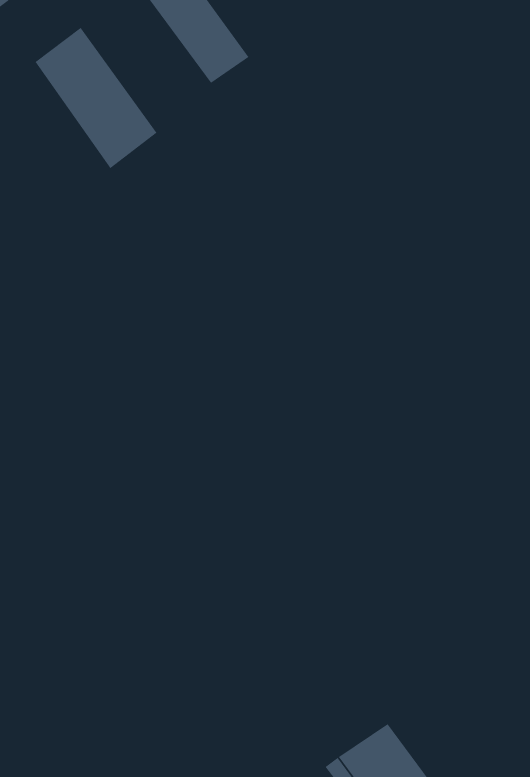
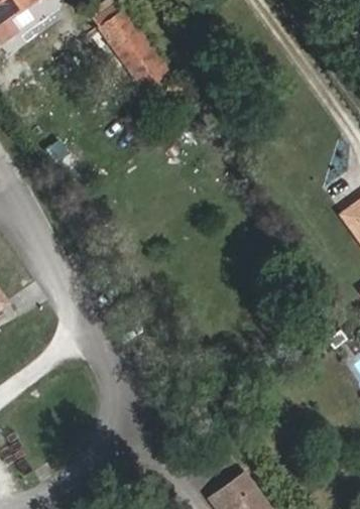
building: [34,27,158,169] -> none

